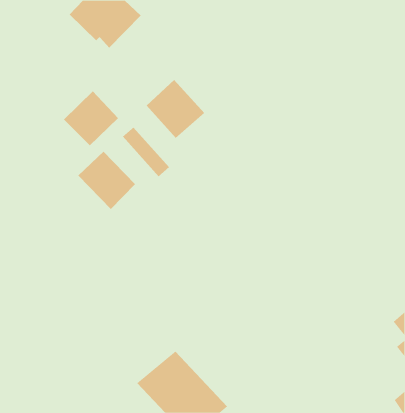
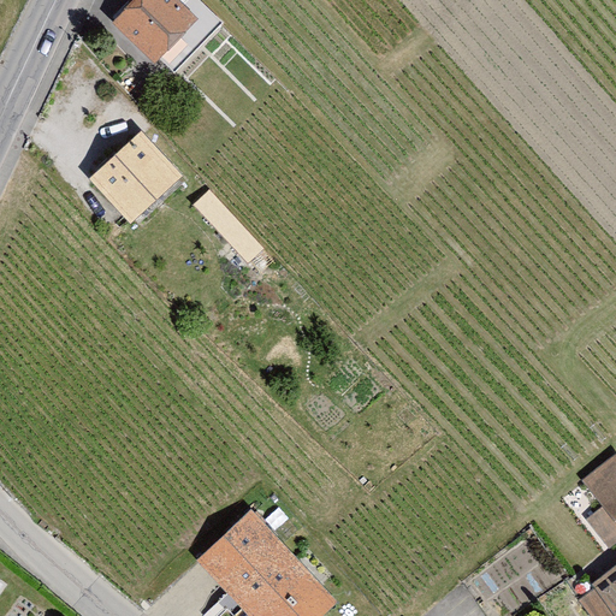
building: [146,79,205,139] -> none
building: [77,151,136,210] -> none

